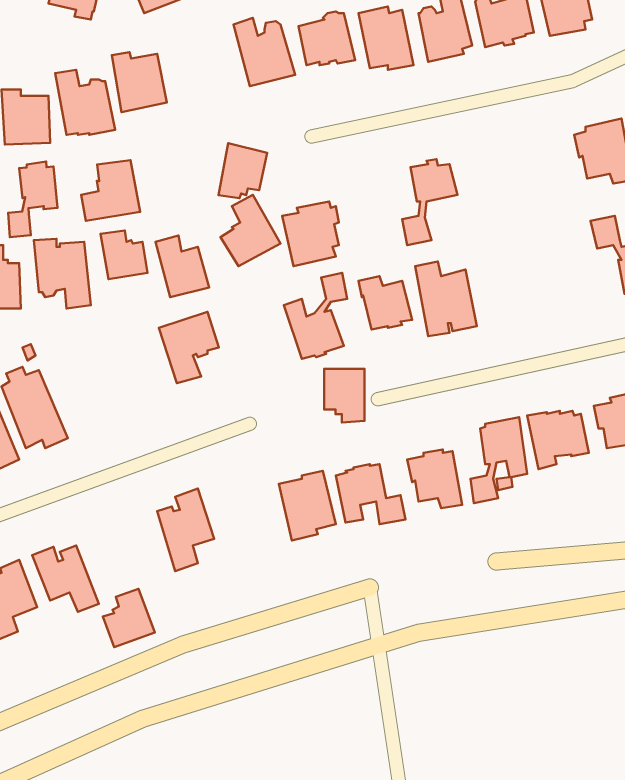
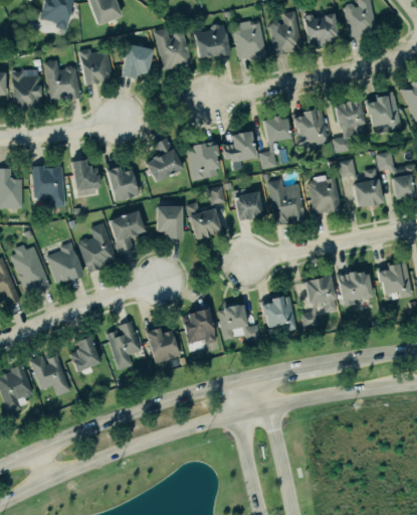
building: none -> [332,98,365,152]
building: [219,143,267,198] -> [123,43,153,77]
building: none -> [291,108,328,145]
building: [81,160,140,221] -> none
building: [8,161,58,237] -> none
building: none -> [222,130,257,169]
building: none -> [337,158,384,207]
building: none -> [306,176,341,214]
building: none -> [77,222,116,273]
building: none -> [46,241,83,283]
building: [324,369,365,422] -> [157,205,182,238]
building: none -> [145,327,179,363]
building: [103,589,155,647] -> [69,336,101,372]

